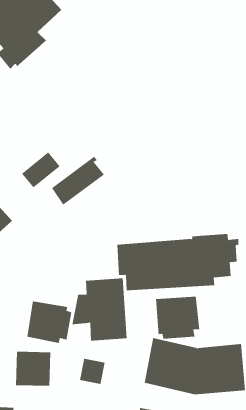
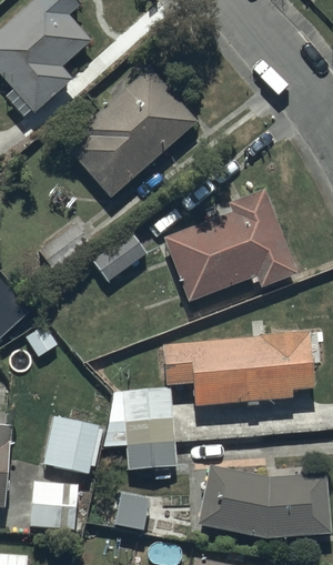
building: none -> [67,67,196,196]
building: none -> [163,199,295,300]
building: [156,296,200,340] -> none

